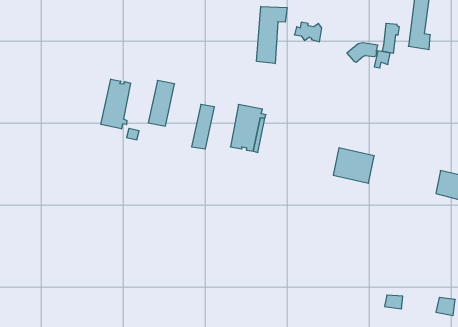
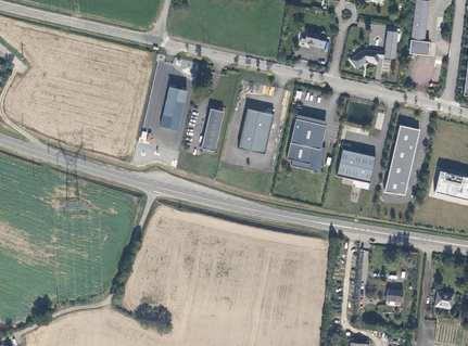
building: [257,6,287,64] -> none
building: [101,79,131,129] -> none
building: none -> [286,118,325,170]
building: none -> [379,126,414,195]

